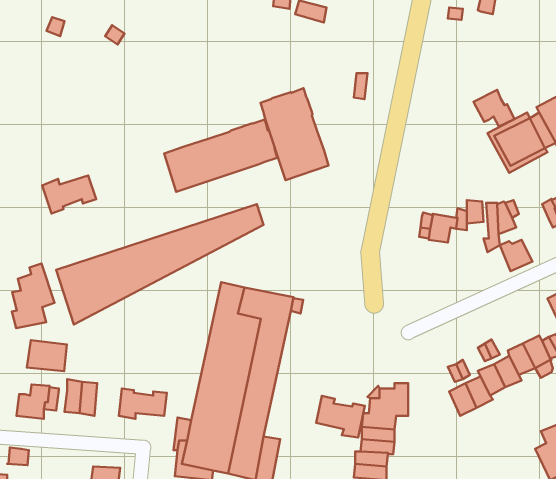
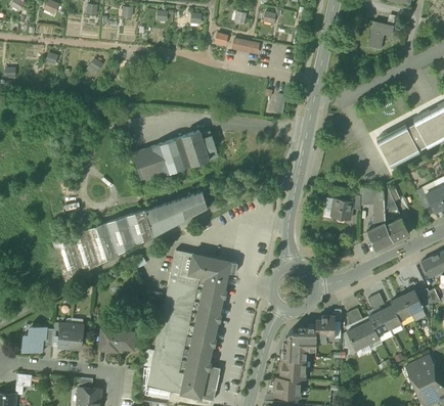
building: [260,88,329,180] -> none
building: [474,90,514,127] -> none
building: [42,175,96,213] -> none
building: none -> [366,222,393,251]
building: [12,263,54,328] -> none
building: [27,340,67,371] -> none
building: none -> [316,315,335,343]
building: [316,396,365,437] -> none

